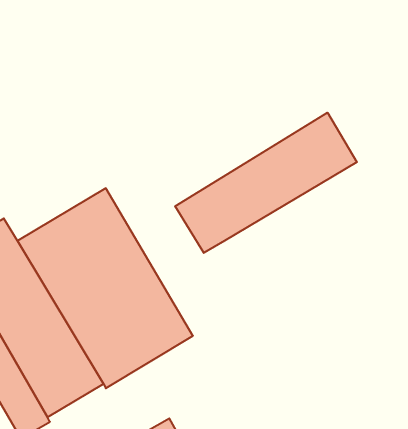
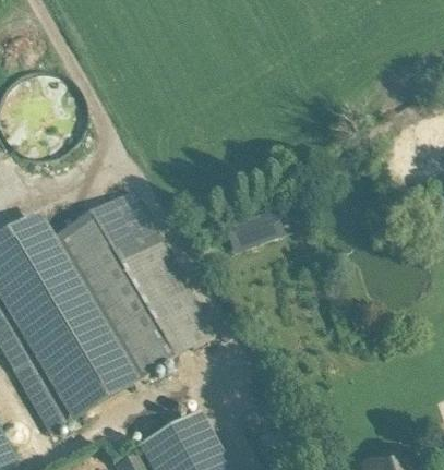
building: [175,113,357,253] -> none

